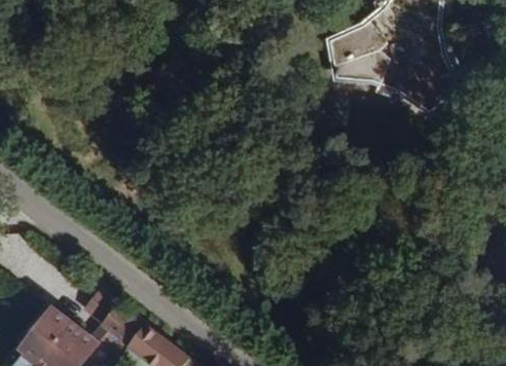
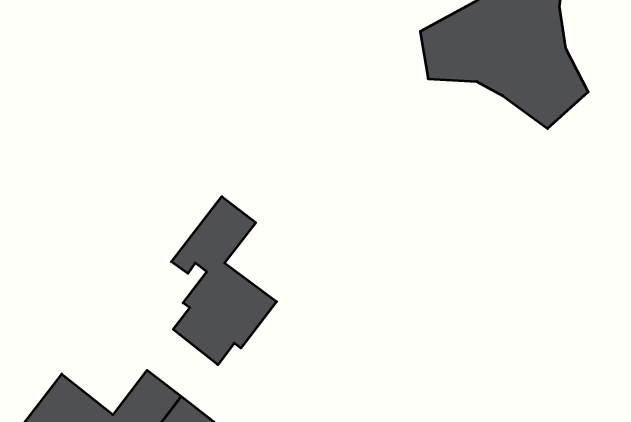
building: none -> [171,197,277,365]

